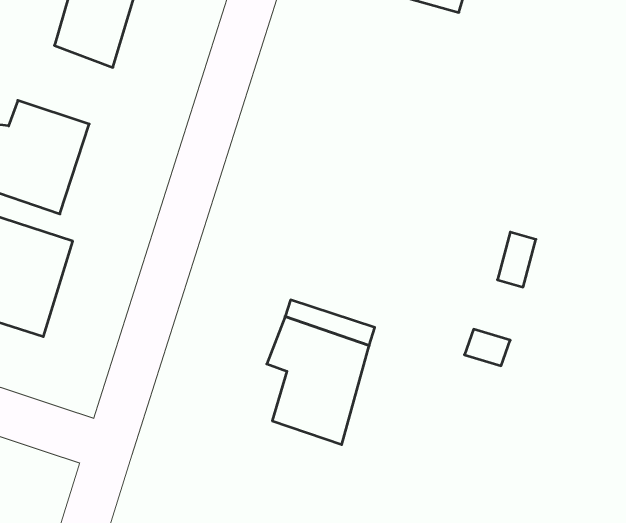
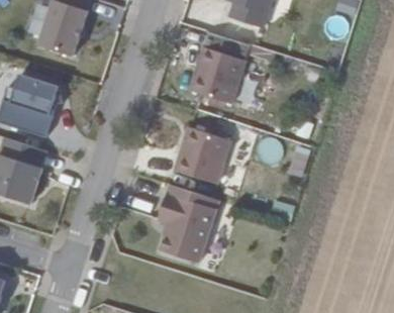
building: none -> [191,48,247,104]
building: none -> [174,128,230,184]

